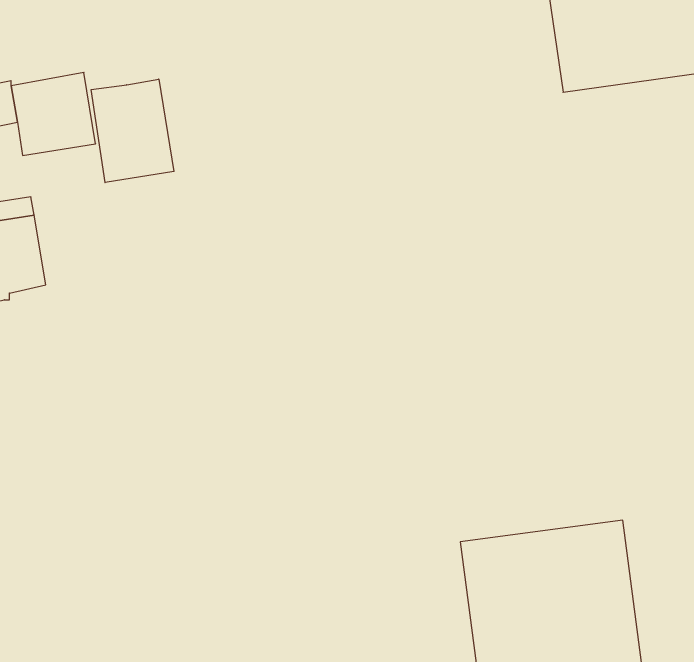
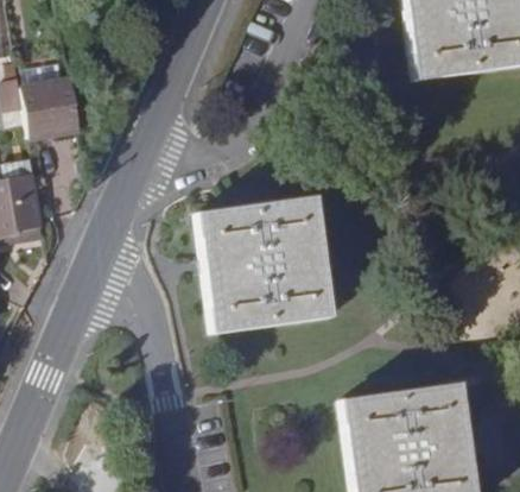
building: [91,79,174,183] -> none
building: none -> [197,201,330,334]

